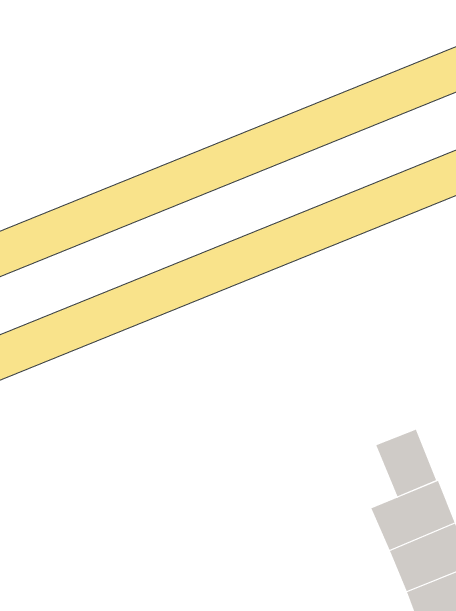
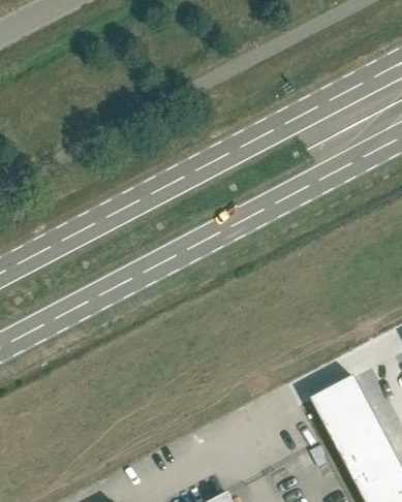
building: [376,429,437,497] -> none

